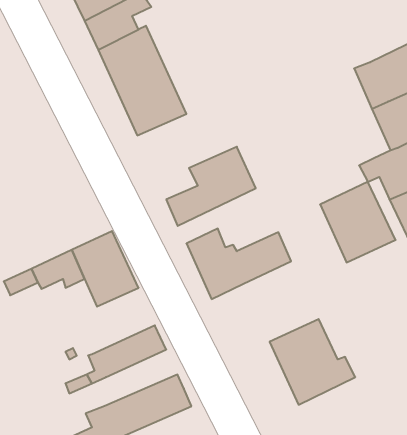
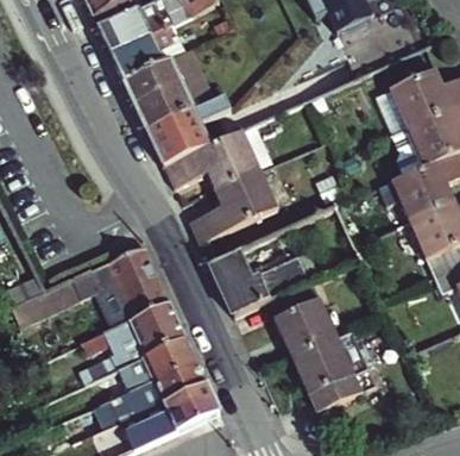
building: none -> [165,126,259,189]
building: [320,182,396,262] -> [265,277,336,354]
building: none -> [75,302,182,366]
building: none -> [131,361,203,414]

